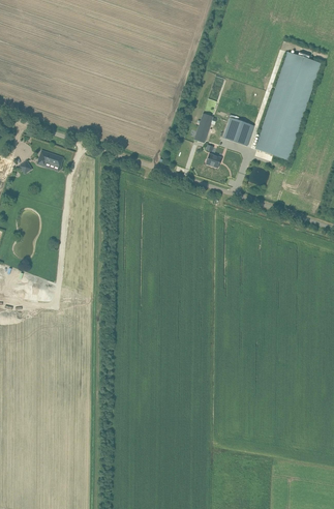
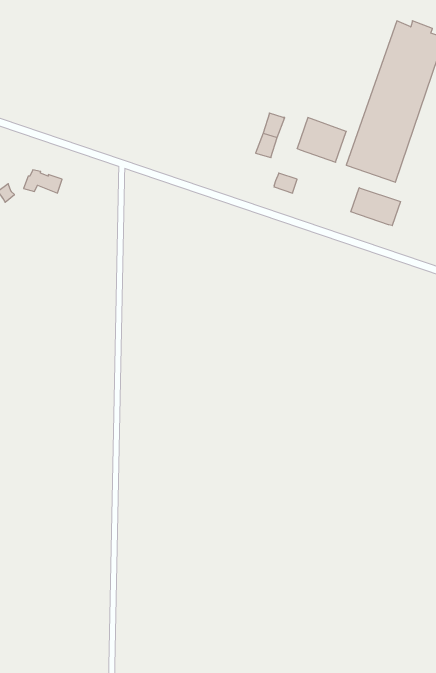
building: none -> [351,188,400,226]

